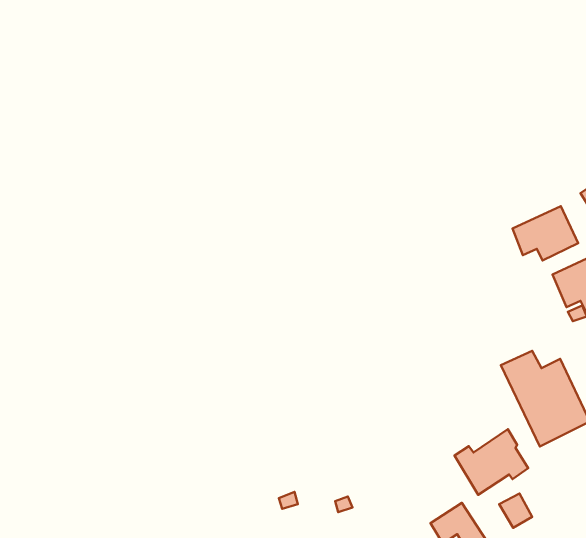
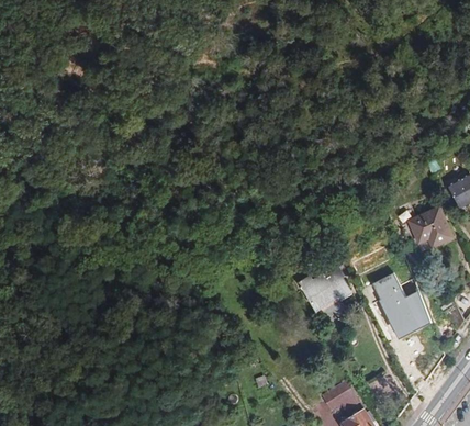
building: [512,206,578,261] -> none
building: [455,429,528,495] -> [299,265,350,311]

